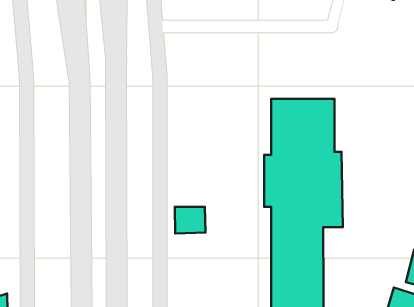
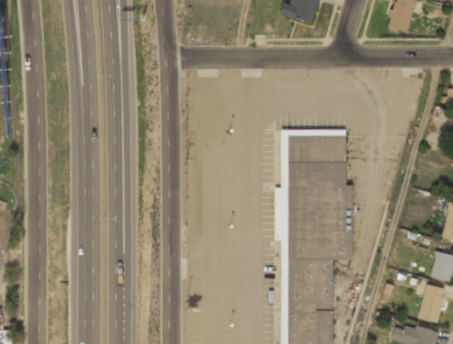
building: [175,207,205,233] -> none

